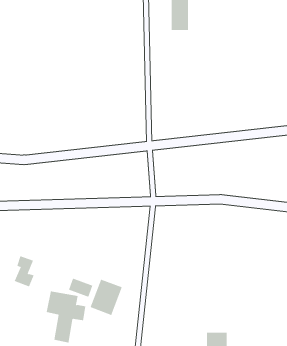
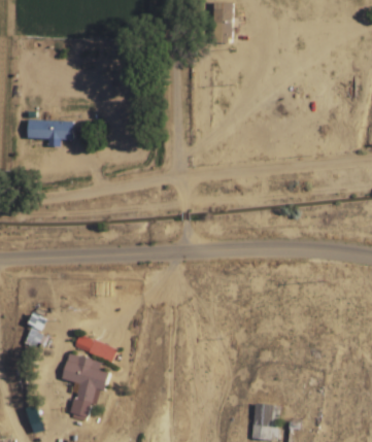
building: none -> [27,120,72,140]
building: [90,279,122,316] -> none

